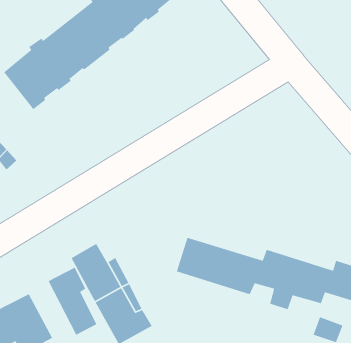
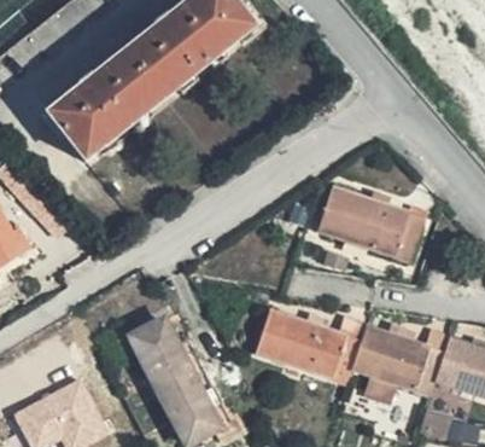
building: none -> [320,188,425,259]
building: [47,266,98,336] -> none

